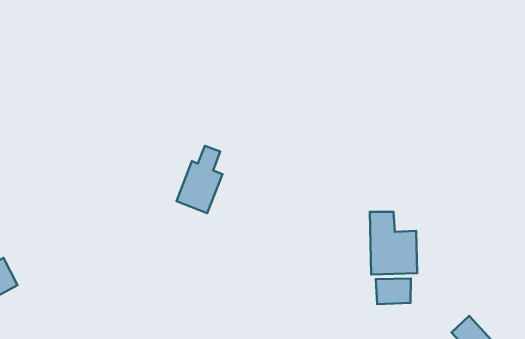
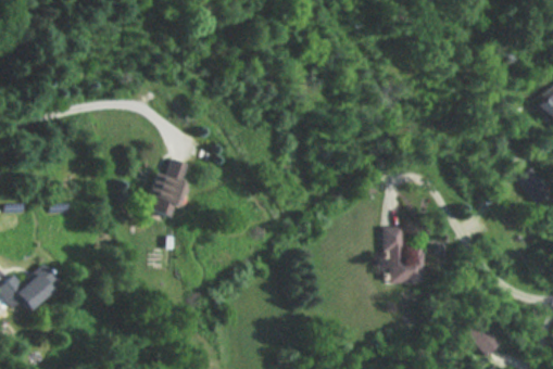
building: [177,146,223,213] -> [147,156,189,218]
building: [376,278,411,304] -> none

